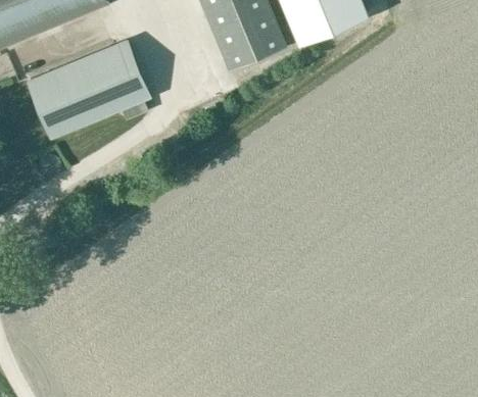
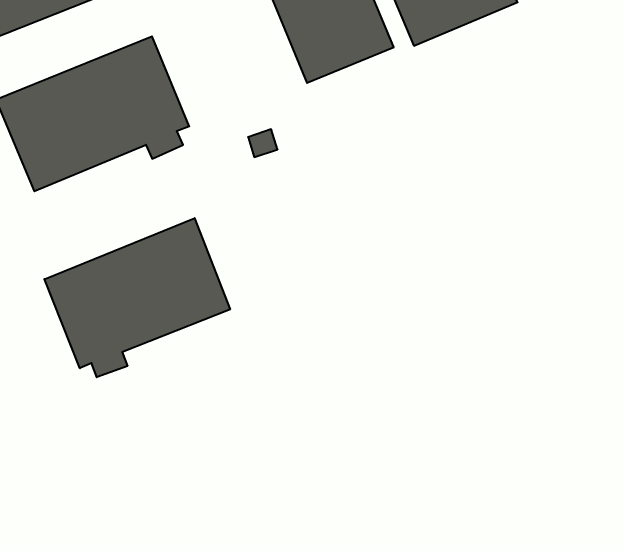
building: none -> [44,218,230,377]

